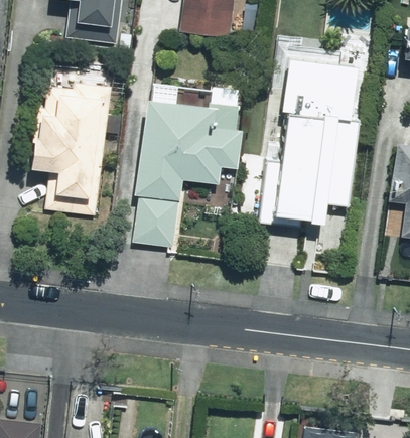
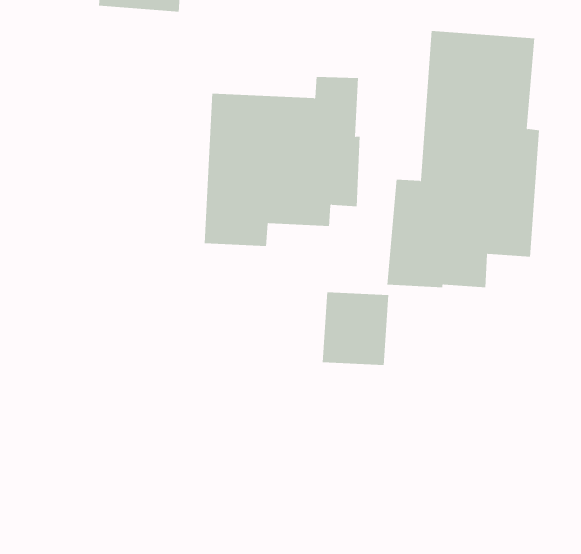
building: [28,81,112,218] -> none
building: [135,197,179,246] -> [322,292,389,365]

